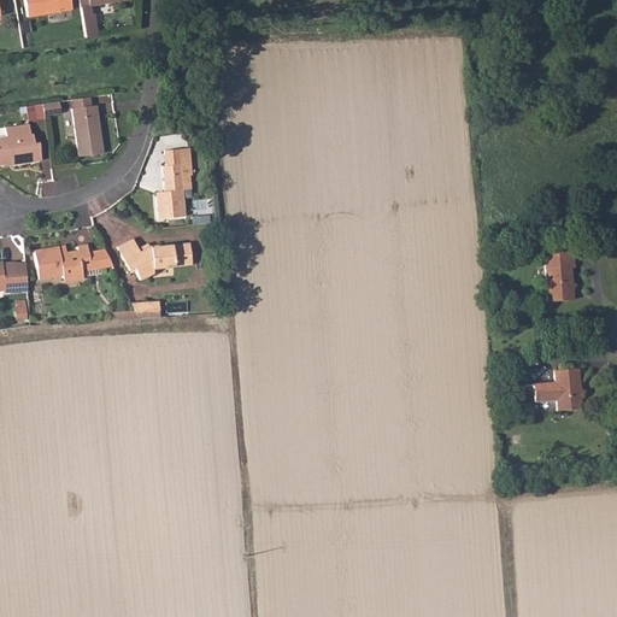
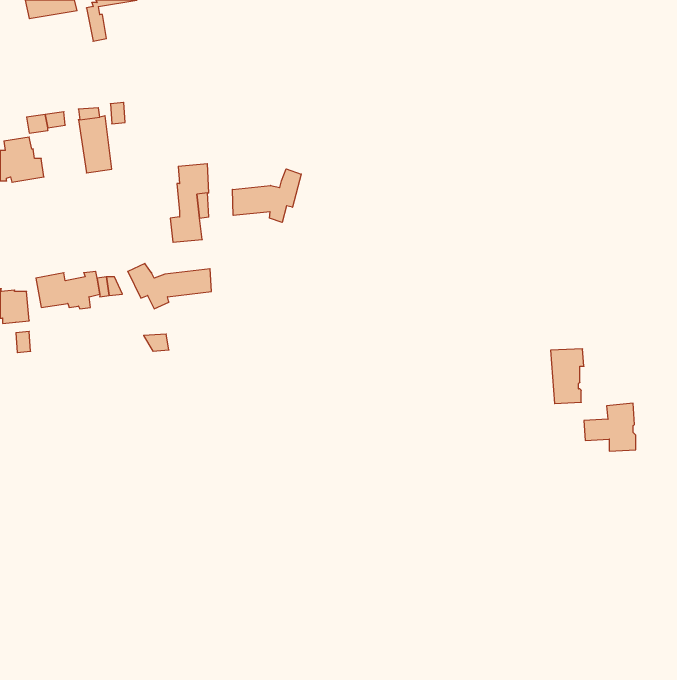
building: none -> [232,169,301,222]
building: [545,249,575,299] -> [551,349,584,404]

